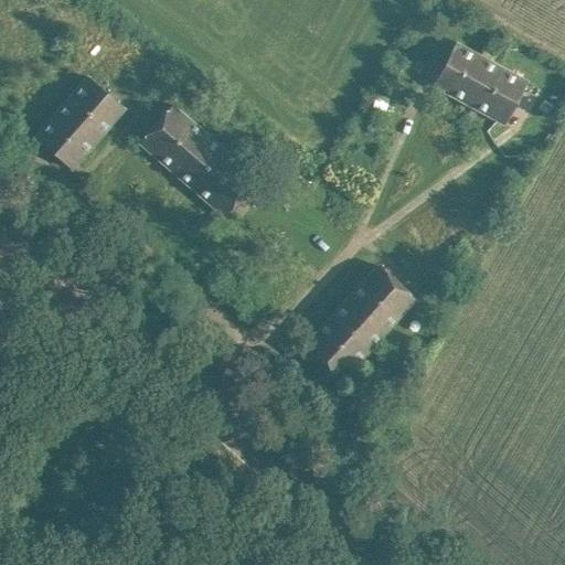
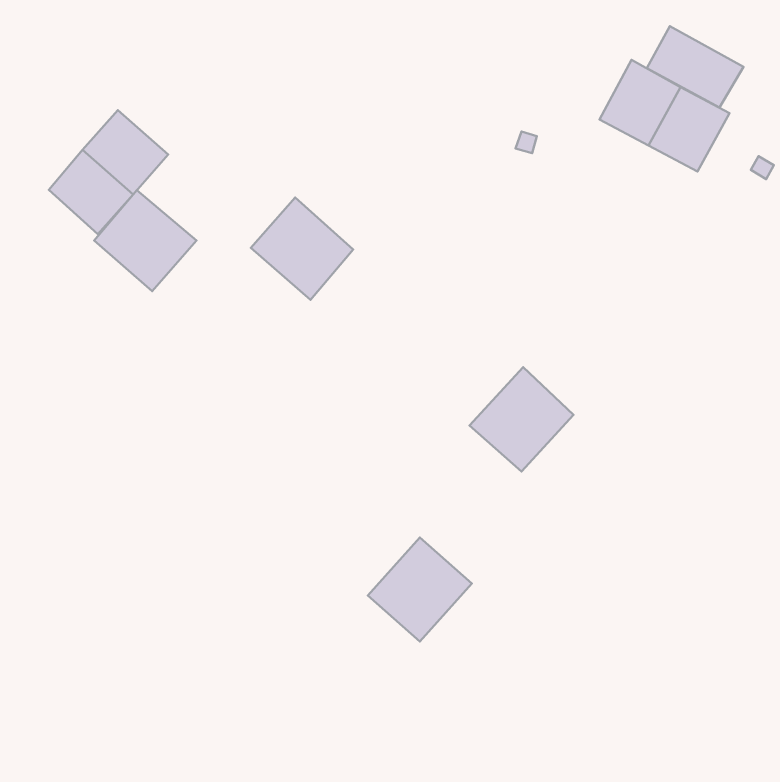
building: none -> [647,26,743,107]
building: [140,106,214,179] -> [94,190,196,291]
building: [302,307,377,382] -> [368,538,472,642]

